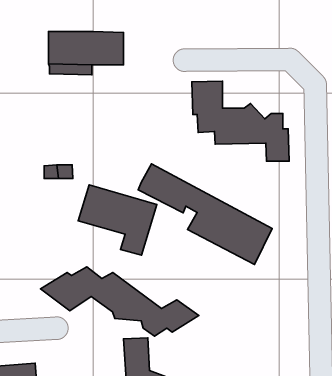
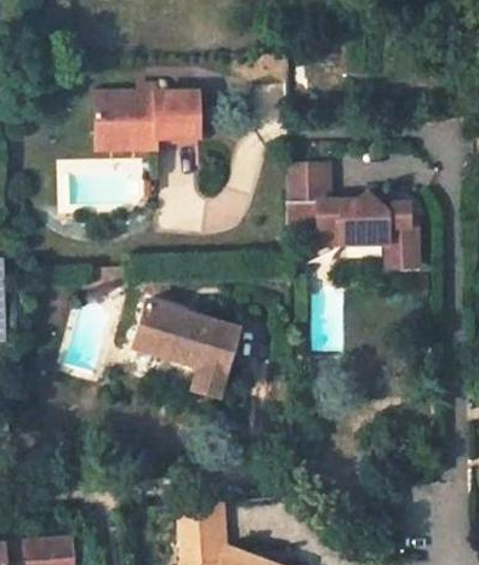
building: [138,164,272,265] -> none
building: [40,267,199,336] -> none

